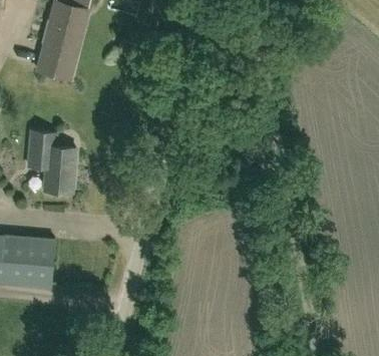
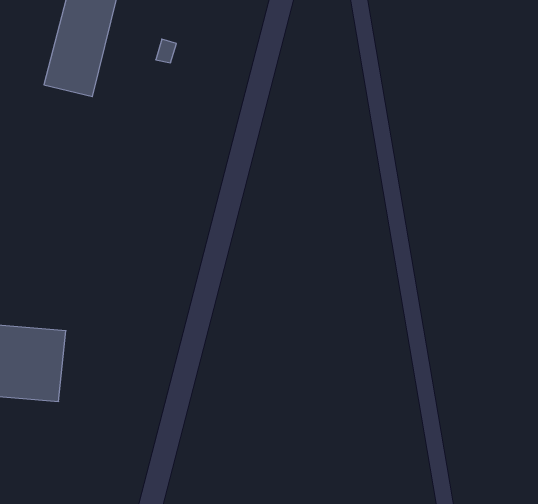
building: [28,130,73,191] -> none

